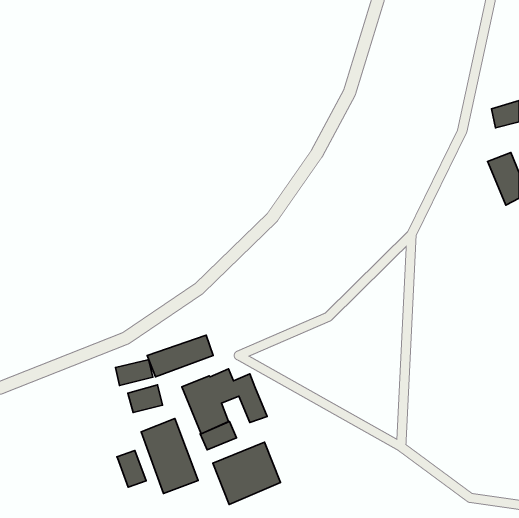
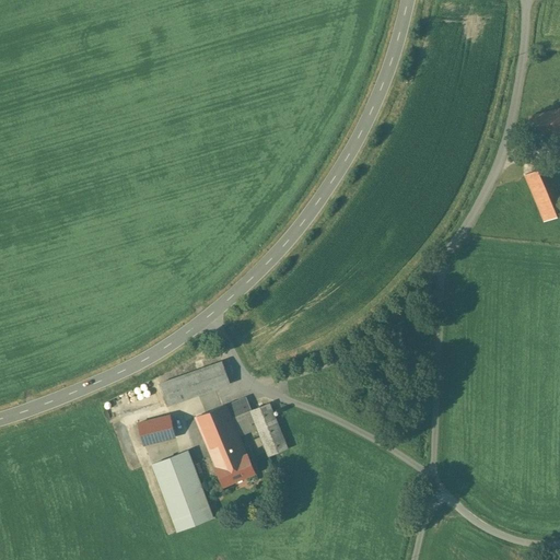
building: [115,359,153,385] -> none
building: [213,442,280,505] -> none
building: [117,451,146,487] -> none

